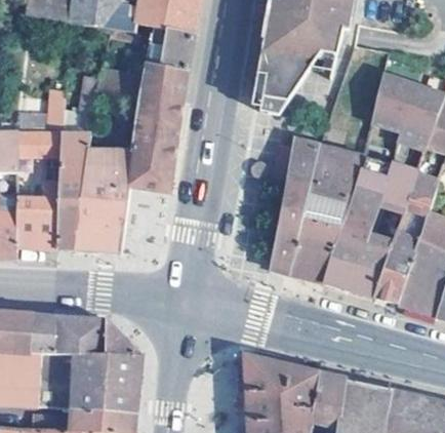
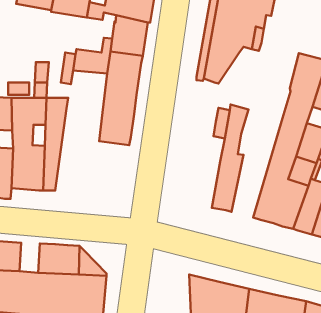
building: [74,145,133,250] -> none
building: [296,146,361,282] -> none
building: [29,314,54,352] -> none

